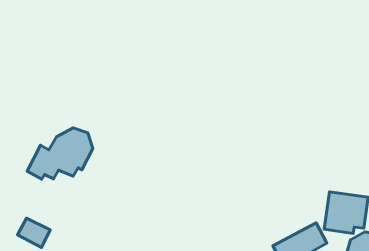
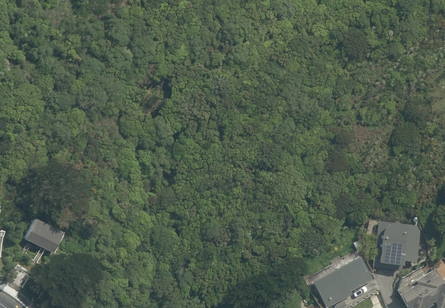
building: [27,128,93,179] -> none
building: [17,218,50,247] -> [24,219,61,252]

